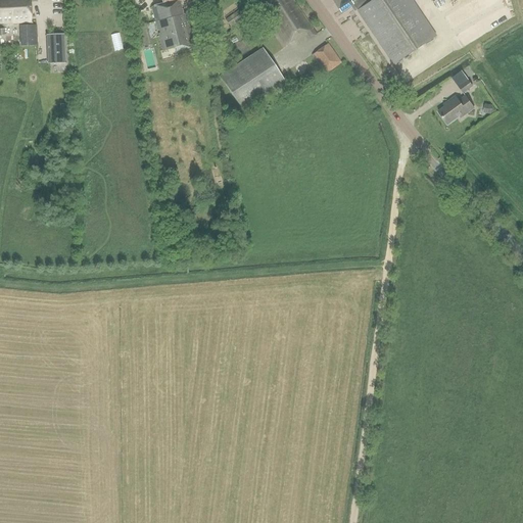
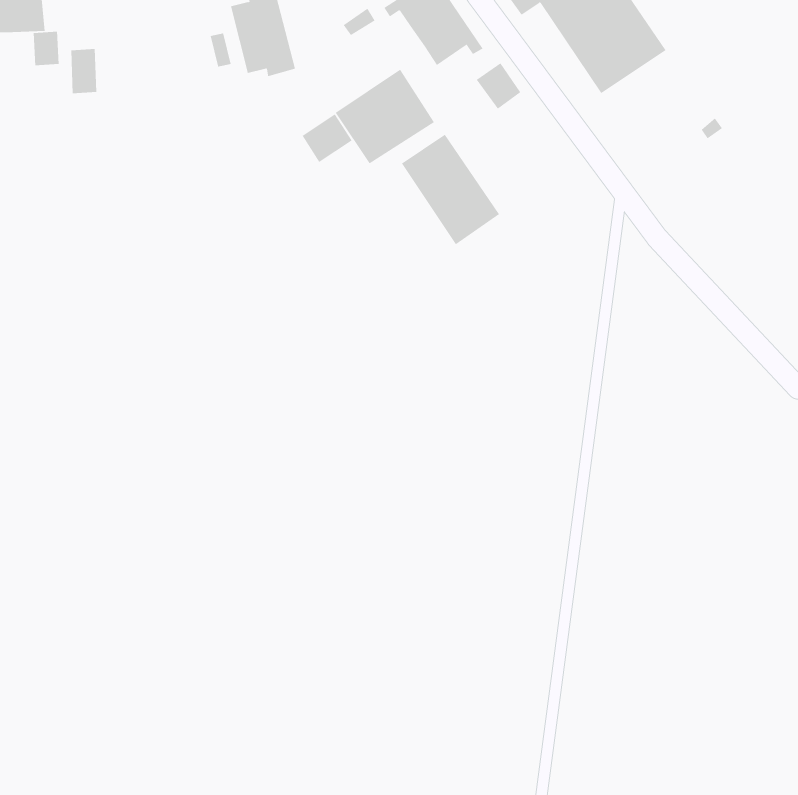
building: none -> [302,113,352,163]
building: none -> [401,134,500,245]
building: [437,94,473,122] -> none

